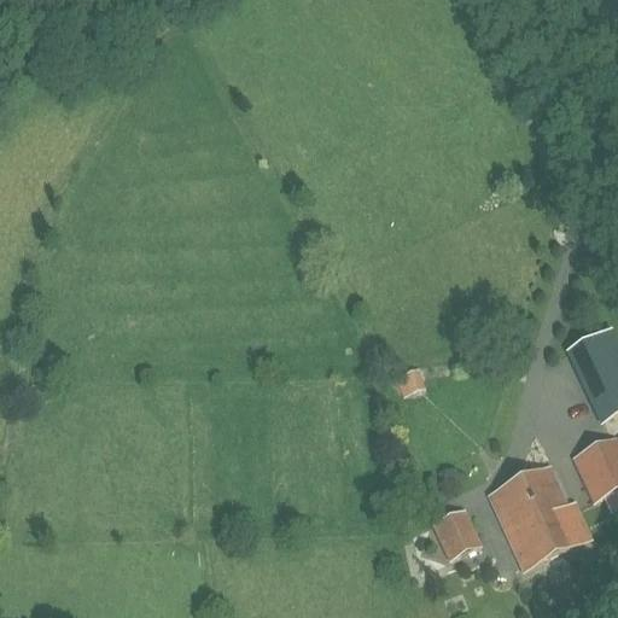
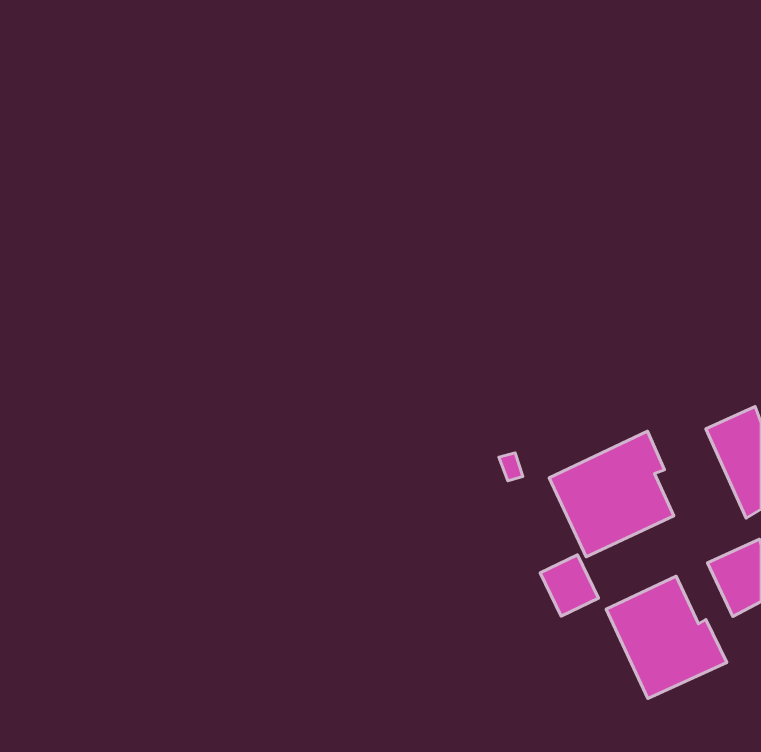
building: none -> [549,431,674,557]
building: [433,508,480,558] -> [540,555,598,616]

